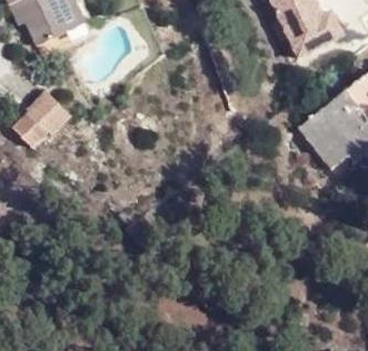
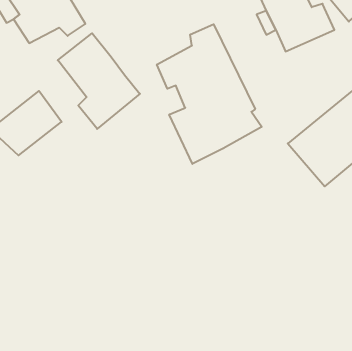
building: none -> [157,24,262,164]
building: none -> [58,33,140,129]

